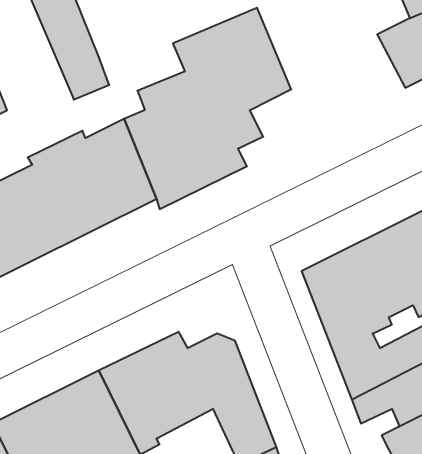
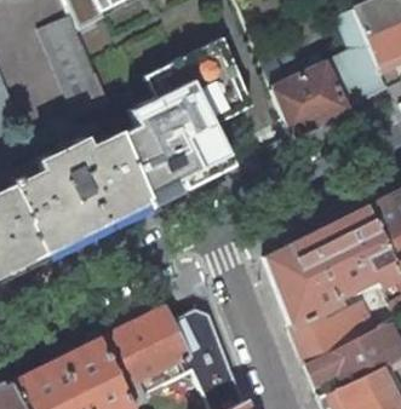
building: none -> [264,62,348,136]

